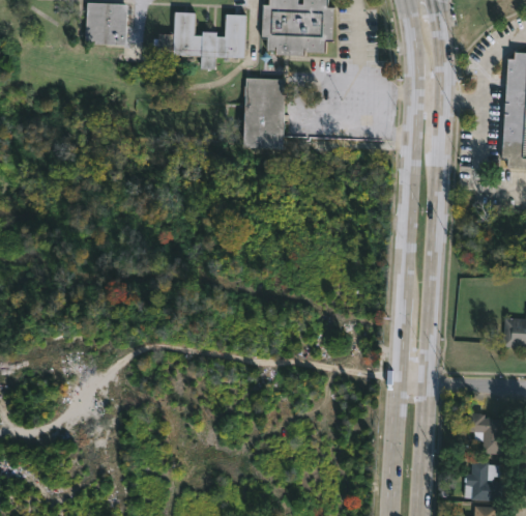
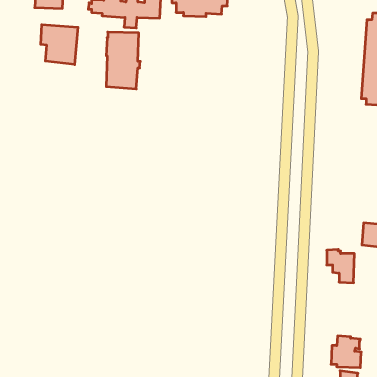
building: none -> [41,25,78,65]
building: [244,78,288,150] -> [106,32,140,89]
building: [468,413,503,456] -> [327,249,354,283]

